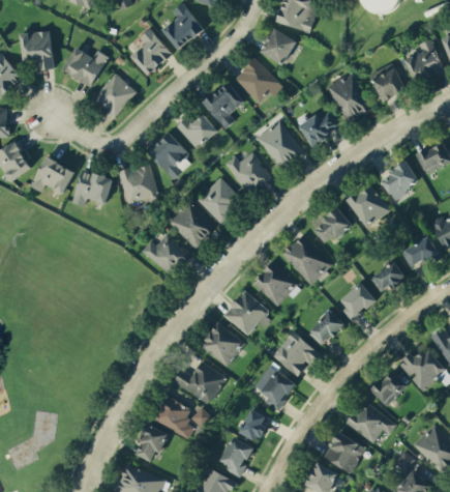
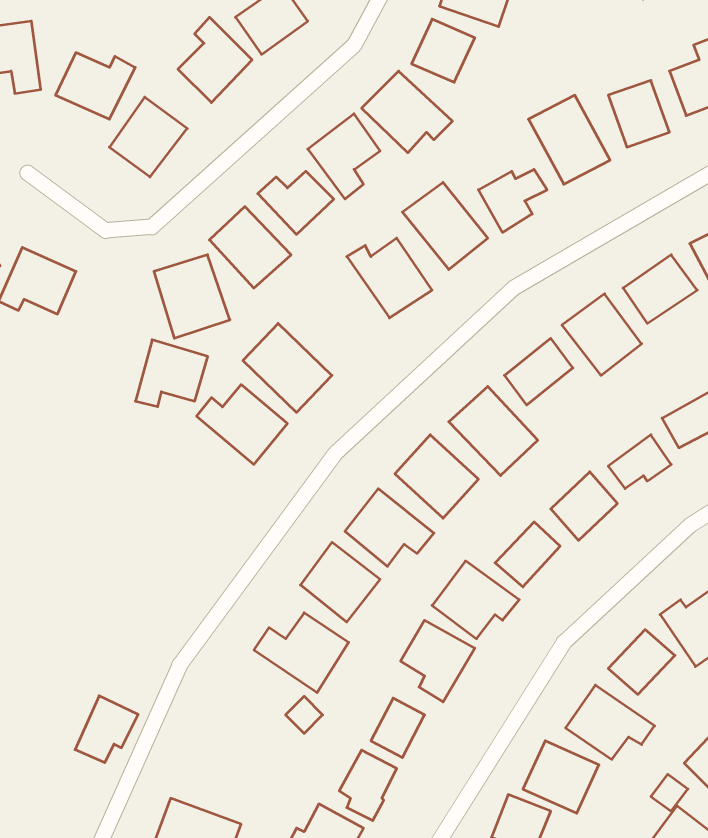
building: [71,169,112,206] -> [135,340,208,407]
building: [197,177,242,223] -> none
building: [151,395,193,439] -> none
building: [133,424,169,461] -> [75,696,138,763]

